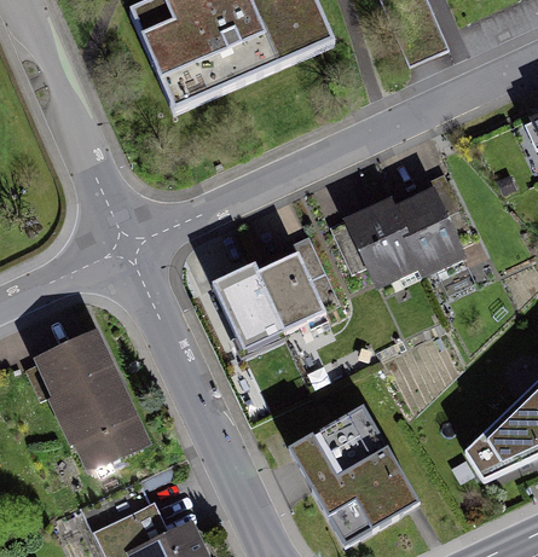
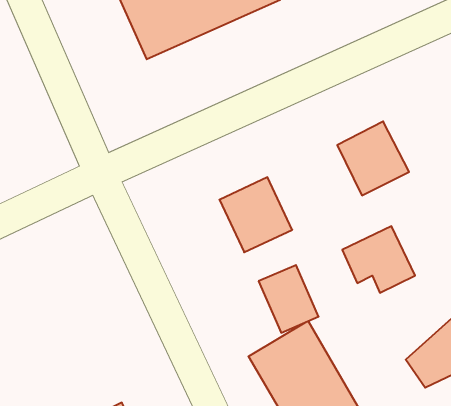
building: [332,204,415,279] -> [342,226,415,293]
building: [213,263,280,340] -> [259,265,319,333]
building: [24,332,143,466] -> none

